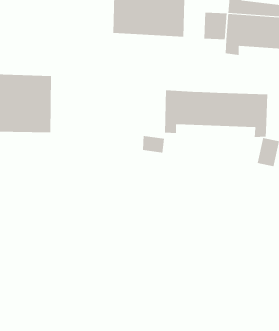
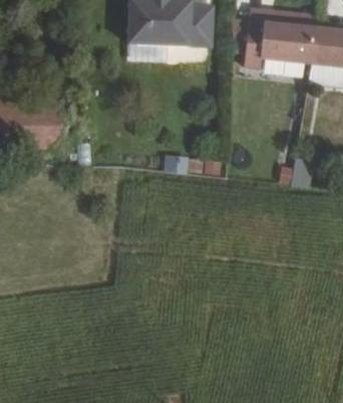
building: [164,90,268,138] -> none

